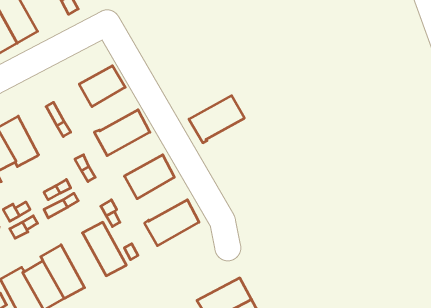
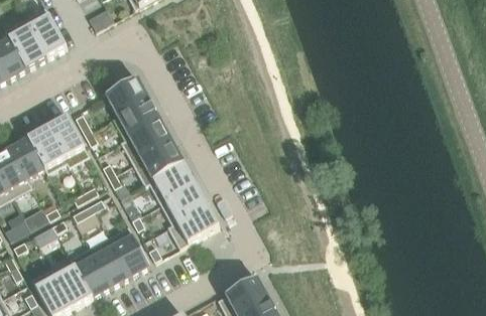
building: none -> [113,99,161,140]
building: [189,96,244,143] -> [132,141,185,185]
building: none -> [48,116,90,166]
building: none -> [160,183,208,224]
building: none -> [89,235,131,287]

